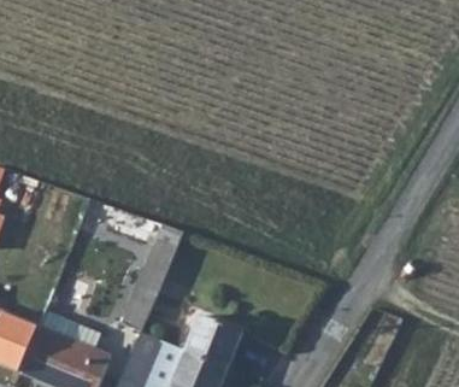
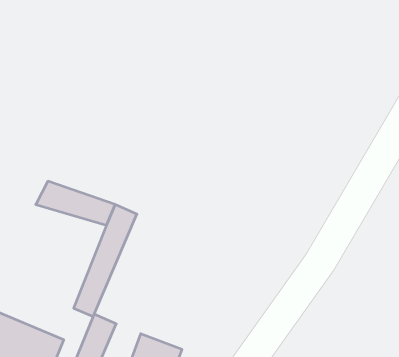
building: [187,313,242,367] -> none

